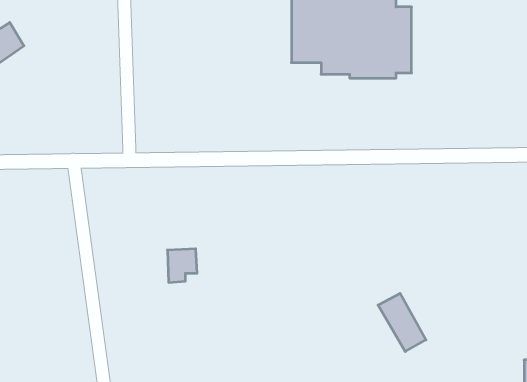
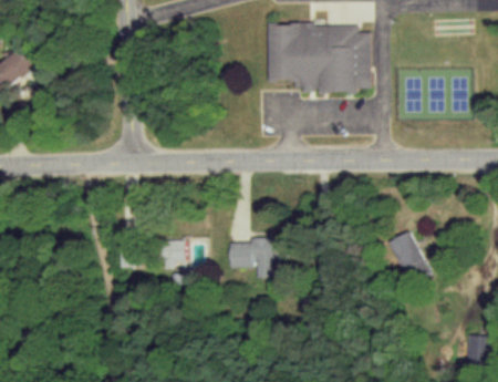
building: none -> [230,236,279,277]
building: [378,293,426,352] -> [391,230,432,280]

